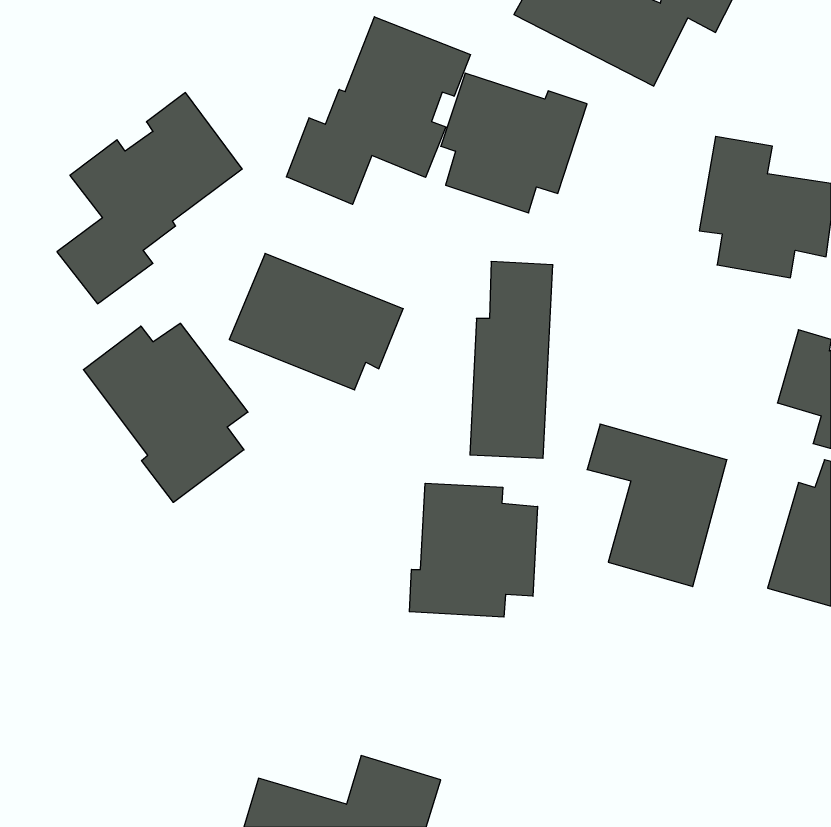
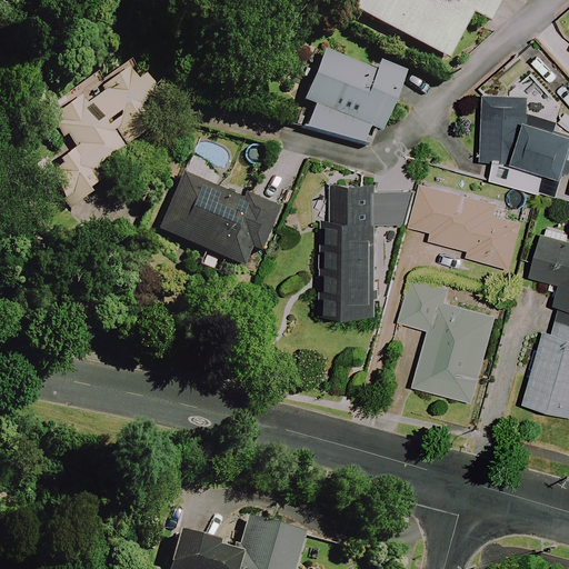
building: [286,17,471,204] -> none
building: none -> [377,182,522,267]
building: [83,323,248,502] -> none
building: [409,483,538,617] -> none

